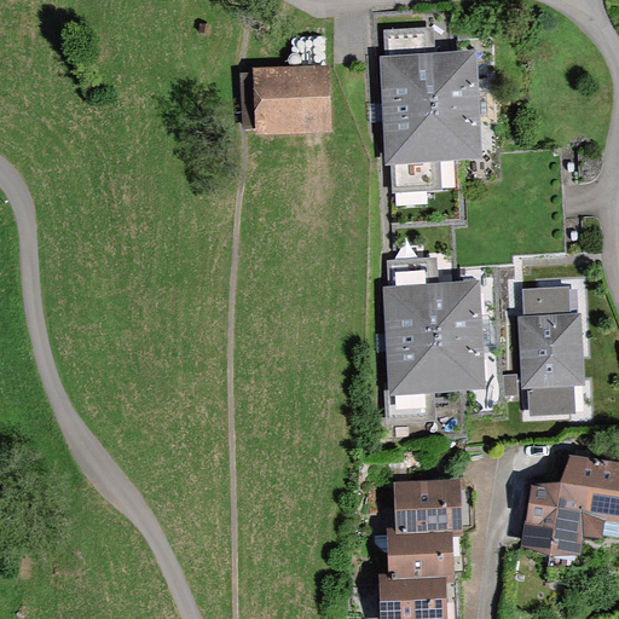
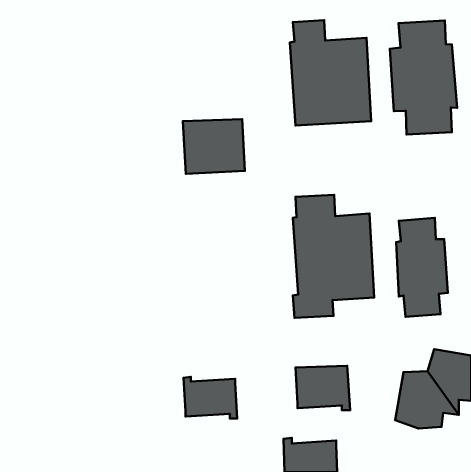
building: none -> [390,21,457,134]
building: [253,64,334,135] -> [183,119,245,174]
building: [380,528,450,583] -> [184,377,237,418]

